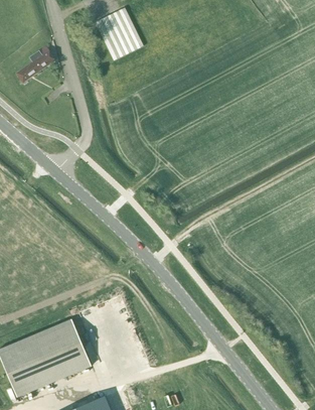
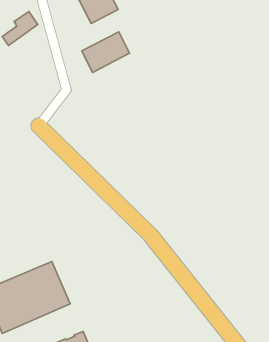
building: none -> [82,32,130,72]

